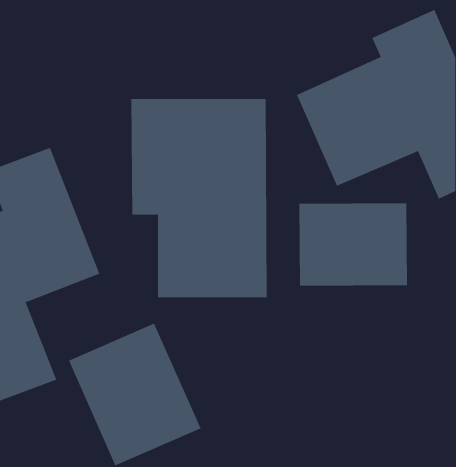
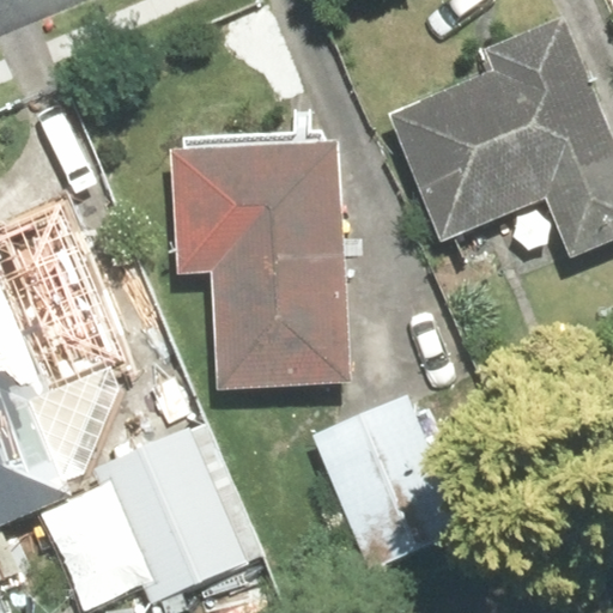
building: [299,203,408,286] -> none
building: none -> [309,395,462,568]

